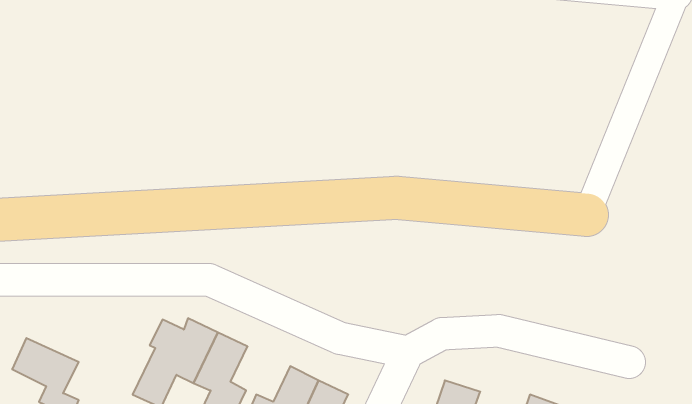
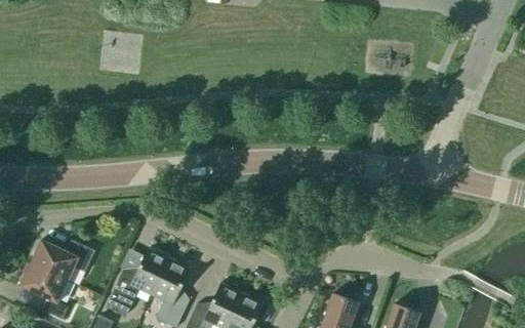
building: none -> [31,240,95,280]

